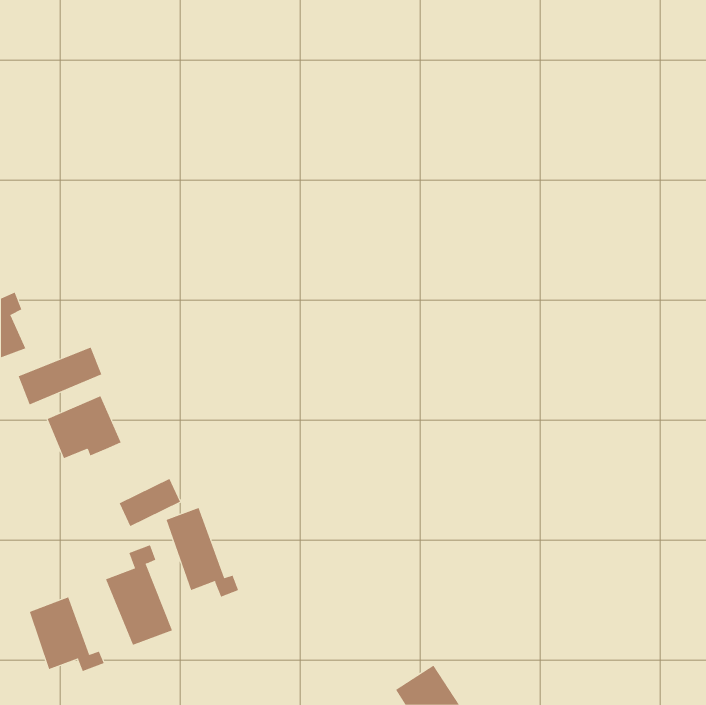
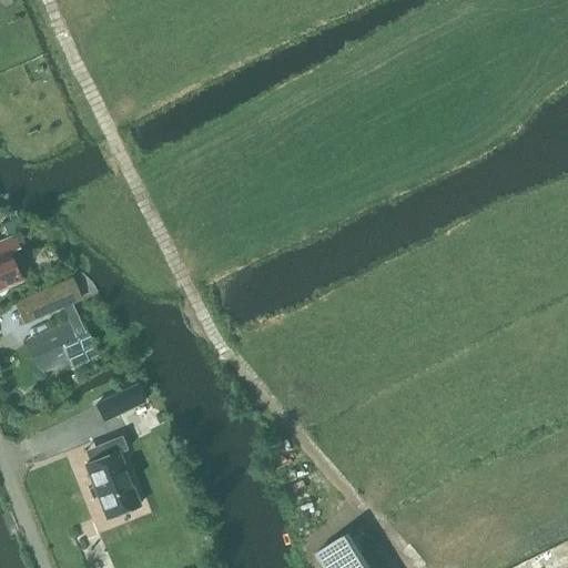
building: [166,507,239,598] -> none
building: [29,596,104,672] -> none

